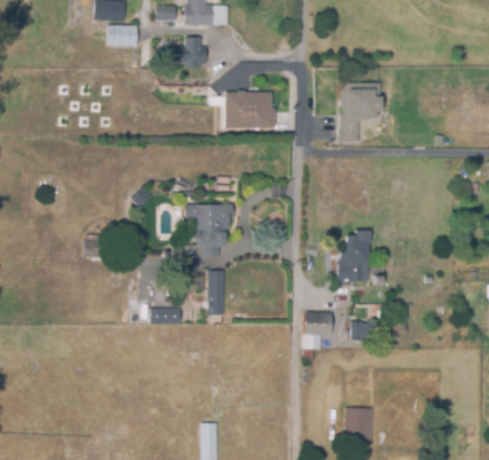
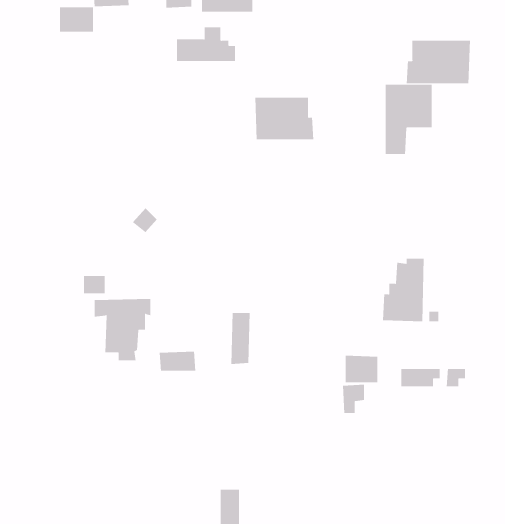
building: [109,23,137,44] -> [59,7,94,32]
building: none -> [406,40,470,84]
building: [181,205,228,257] -> [94,298,151,361]
building: [344,406,373,443] -> none

